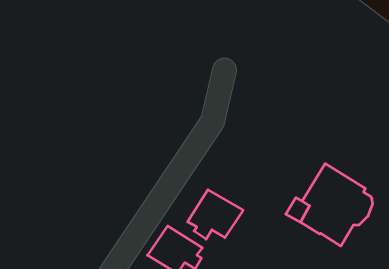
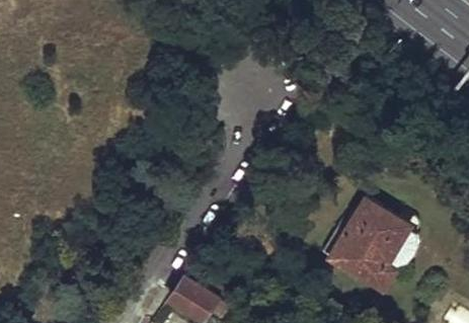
building: [188,190,243,239] -> none

